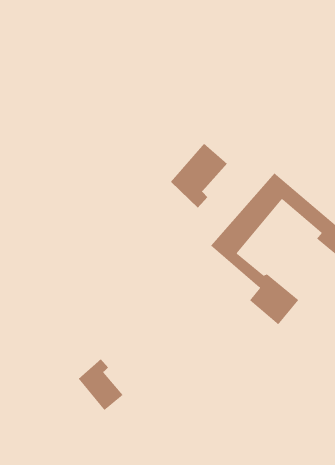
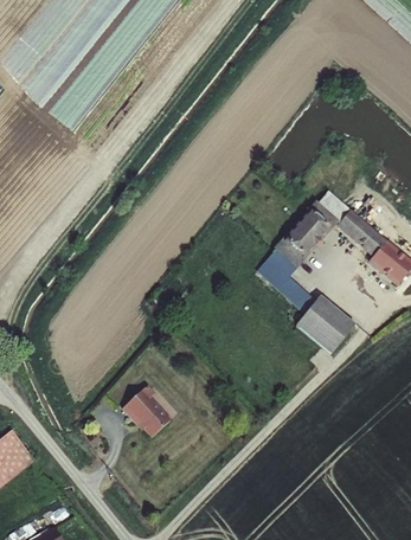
building: [170,143,228,208] -> none

